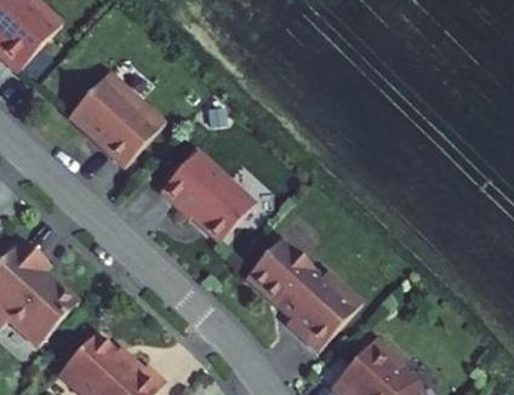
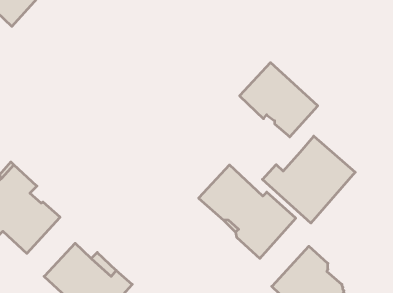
building: [70,74,166,168] -> none
building: [160,153,255,242] -> [240,63,318,137]
building: none -> [262,136,355,223]

